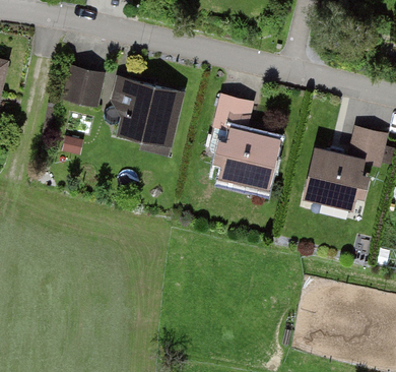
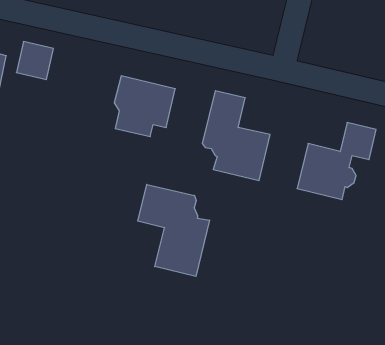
building: [64,67,102,106] -> [16,42,53,80]
building: none -> [138,184,209,276]

